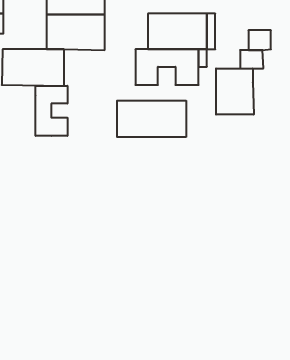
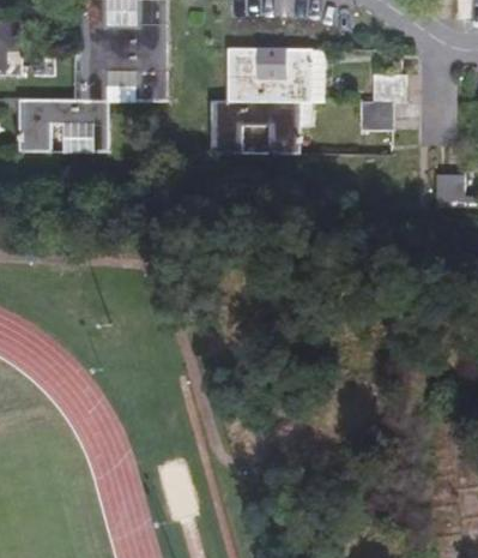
building: [216,68,254,115] -> none
building: [36,86,67,136] -> none
building: [117,101,186,137] -> none

